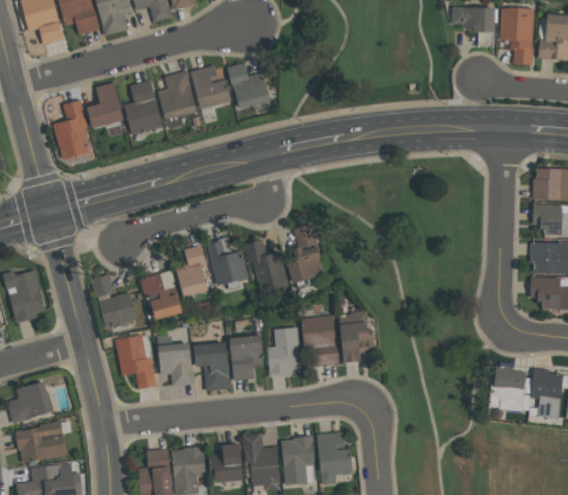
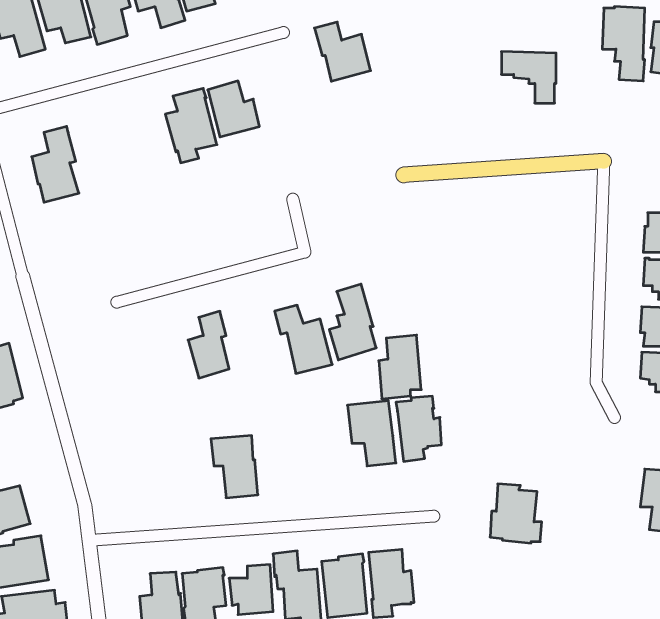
building: [453,6,496,46] -> [501,52,556,103]
building: [227,62,271,108] -> [314,22,371,81]
building: [125,80,164,134] -> none
building: [87,82,124,128] -> none
building: [206,236,248,290] -> none
building: [140,269,183,319] -> none
building: [90,274,137,328] -> none
building: [267,326,301,376] -> [379,335,421,399]
building: [115,334,157,388] -> none
building: [229,335,264,380] -> none
building: [158,342,194,386] -> none
building: [490,364,530,411] -> [490,484,542,543]

